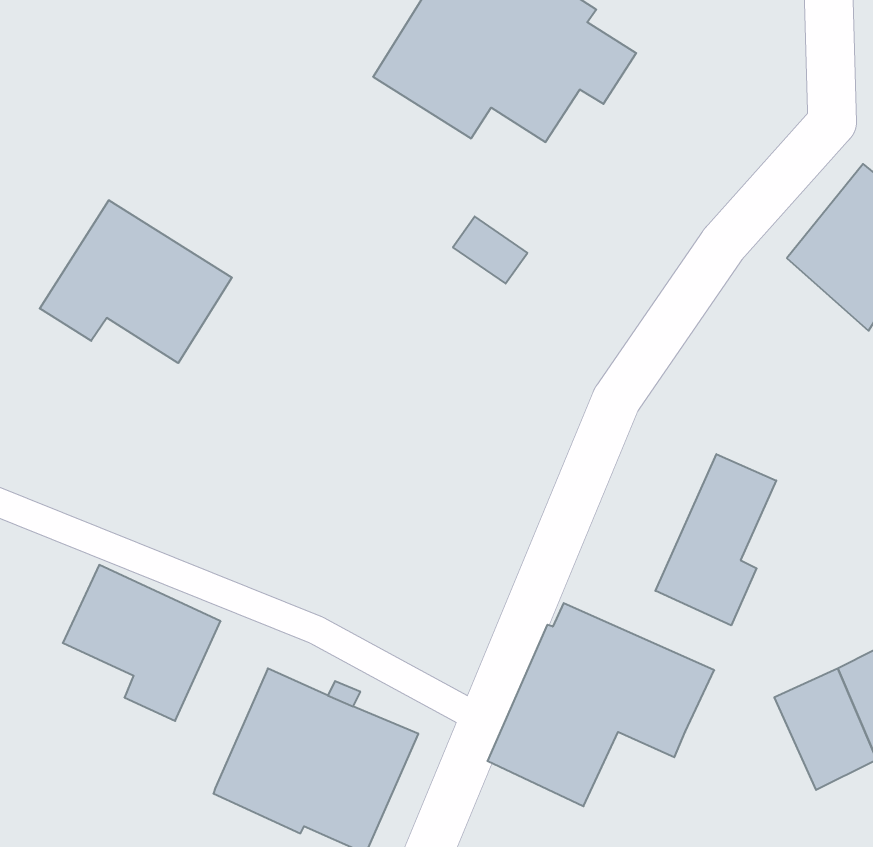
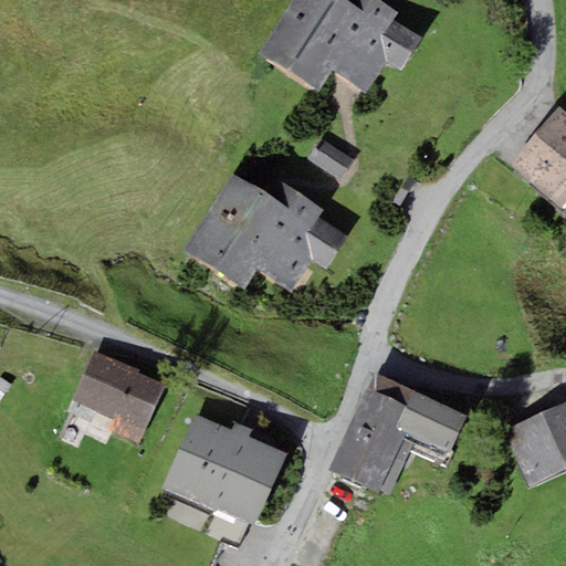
building: [40,200,232,363] -> none
building: none -> [185,172,345,290]
building: [655,454,776,625] -> none

